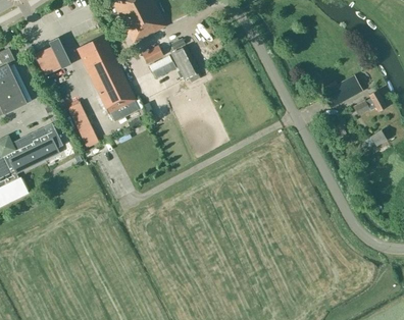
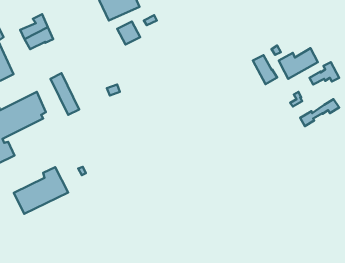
building: [79,35,136,113] -> none
building: [170,46,199,79] -> none
building: none -> [253,55,277,84]
building: none -> [14,167,68,214]

